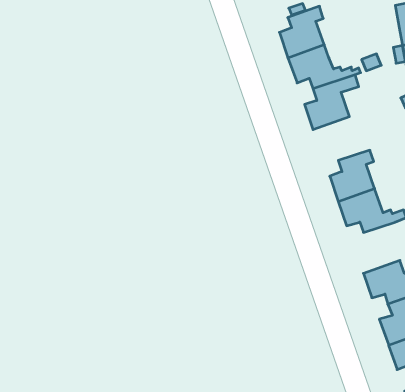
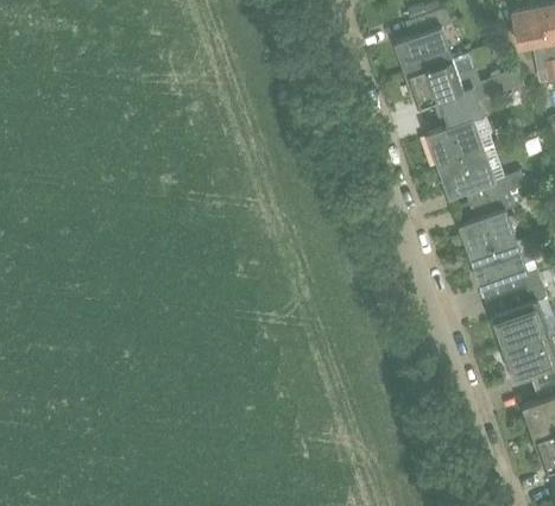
building: none -> [512,8,548,48]
building: none -> [437,150,525,205]
building: none -> [490,284,548,349]

